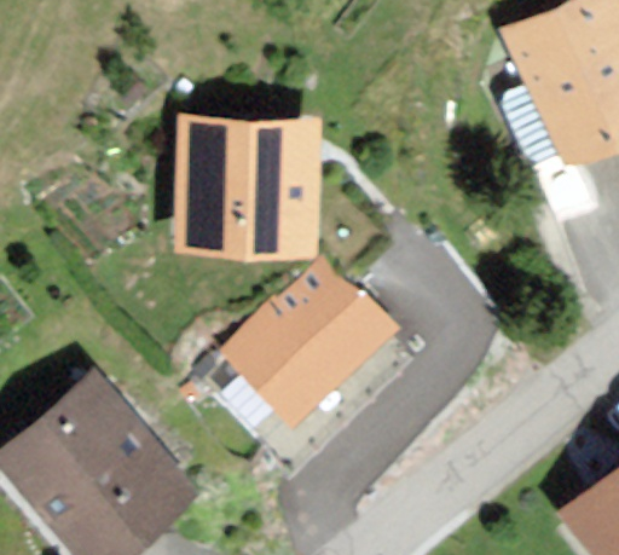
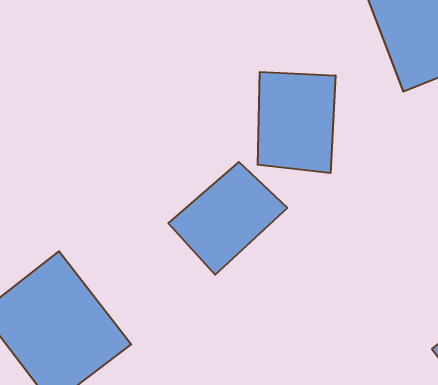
building: [170,117,317,260] -> none
building: none -> [258,72,336,173]

